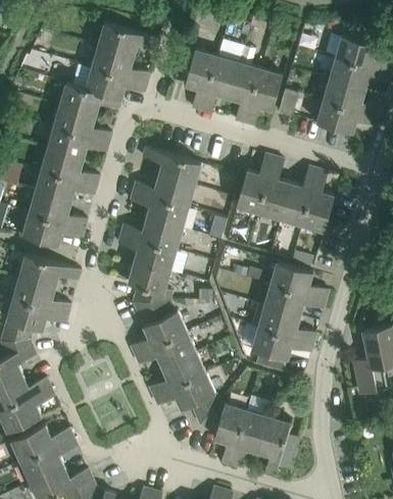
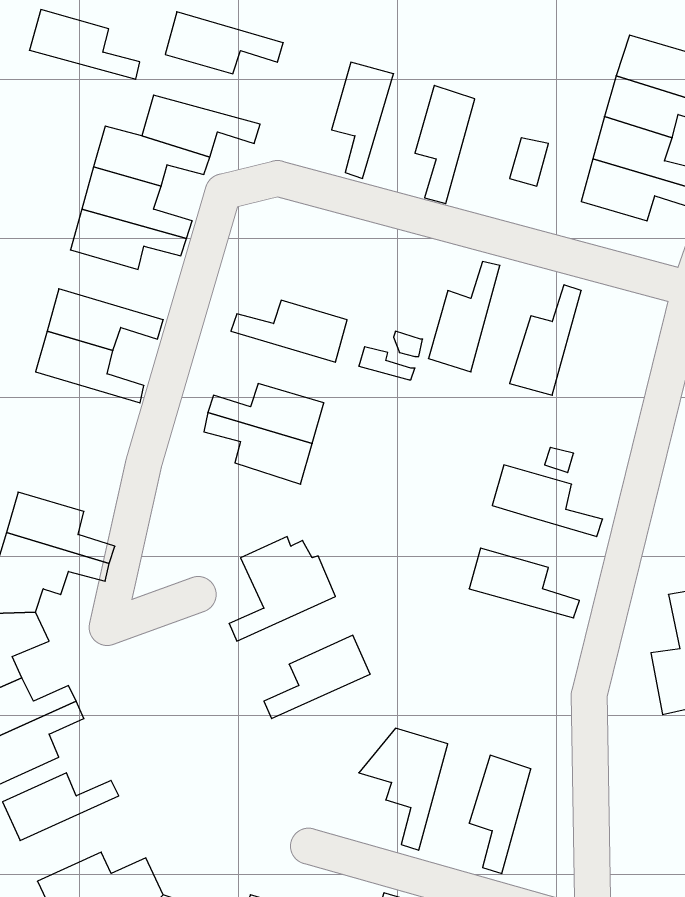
building: [91,46,149,83] -> [29,10,140,79]
building: [201,56,239,114] -> none
building: [245,69,282,127] -> none
building: [142,148,200,186] -> none
building: [41,149,98,186] -> none
building: [258,157,290,219] -> none
building: [301,170,334,232] -> none
building: [130,192,187,230] -> none
building: [21,213,84,246] -> none
building: [19,254,81,287] -> none
building: [127,261,171,311] -> none
building: [263,284,325,316] -> none
building: [251,328,312,359] -> none
building: [135,332,196,367] -> none
building: [153,372,218,425] -> none
building: [231,409,268,467] -> none
building: [20,437,77,482] -> none

